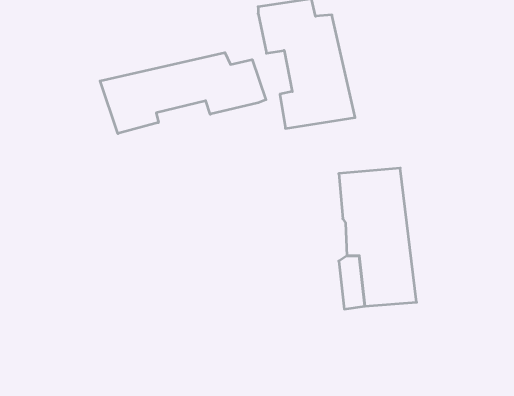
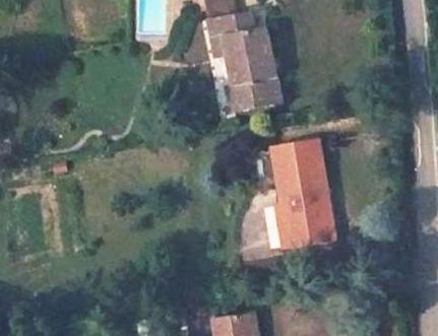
building: [100,53,266,134] -> none

